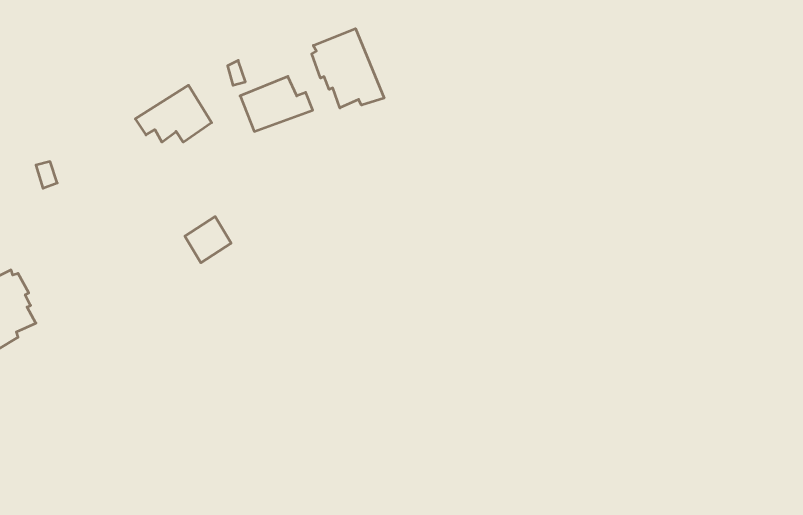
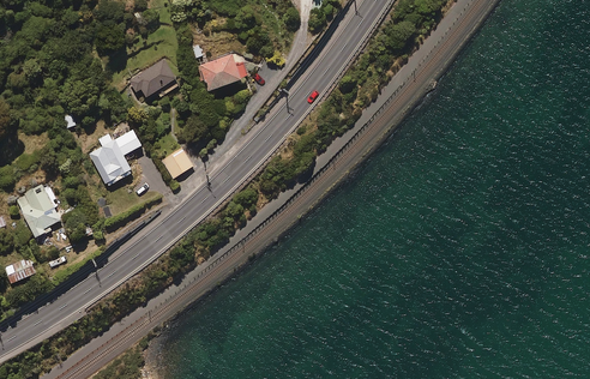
building: [312,29,384,108] -> none
building: none -> [89,130,142,186]

